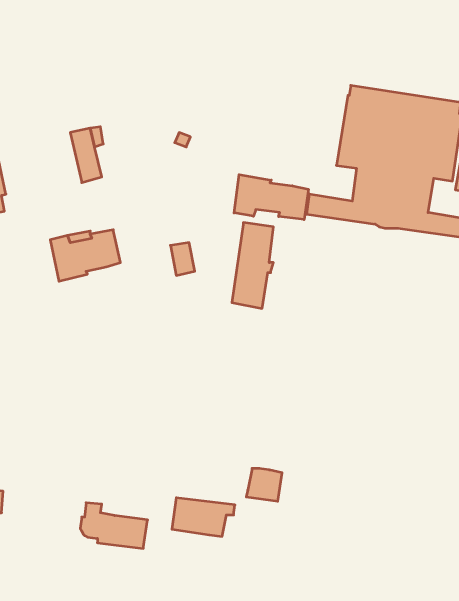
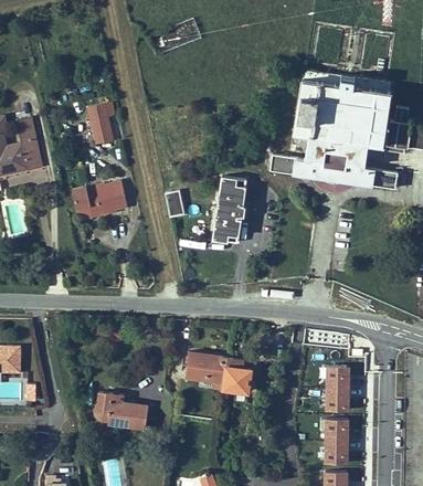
building: [234,175,308,220] -> none
building: none -> [325,366,349,412]
building: [172,498,235,536] -> [187,353,235,383]
building: none -> [324,420,349,464]

